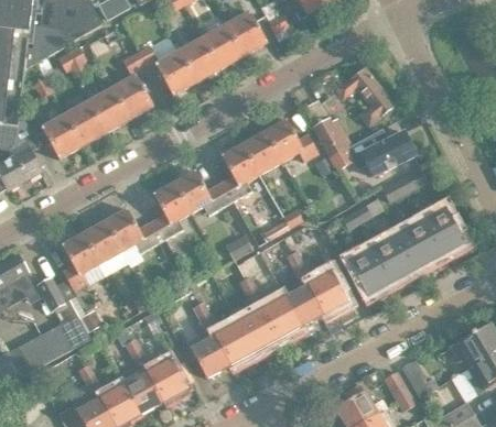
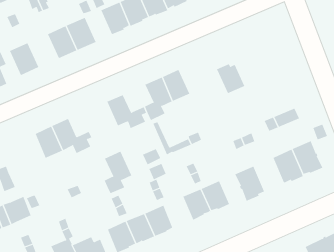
building: [335,66,395,125] -> none
building: [64,101,106,145] -> none
building: [263,119,319,162] -> none
building: [330,129,414,176] -> none
building: [152,182,191,239] -> [104,151,132,194]
building: [373,227,414,282] -> none
building: [55,232,100,302] -> none
building: [260,296,300,341] -> none

